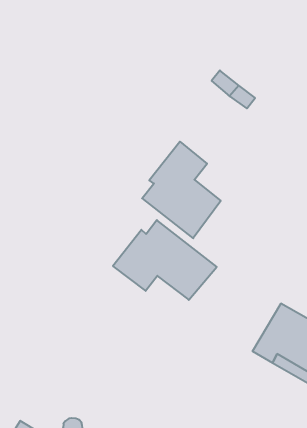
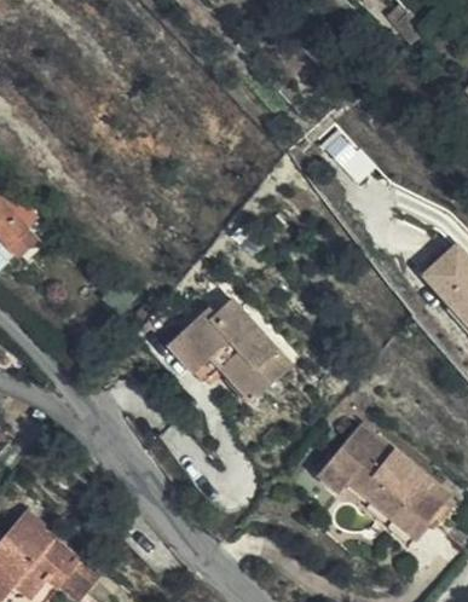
building: [142,142,221,238] -> none

